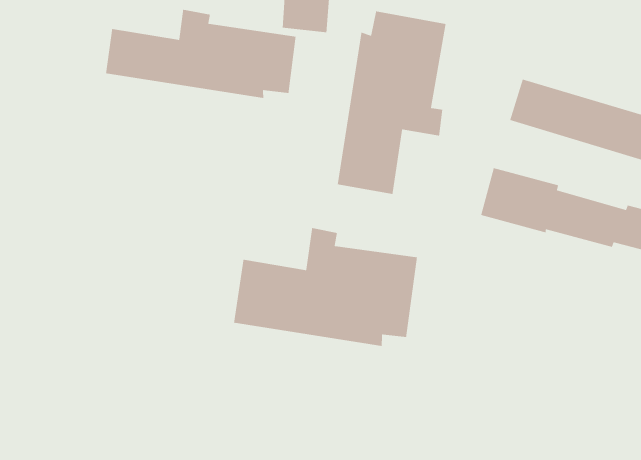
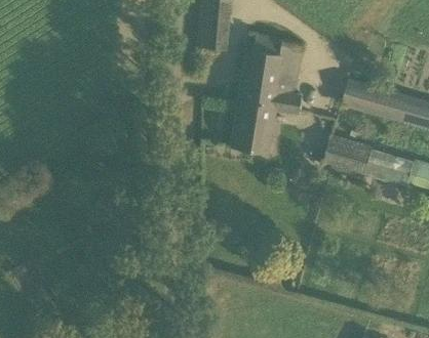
building: [105,9,297,99] -> none
building: [233,227,418,347] -> none

